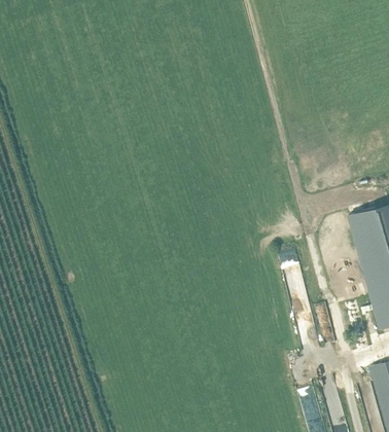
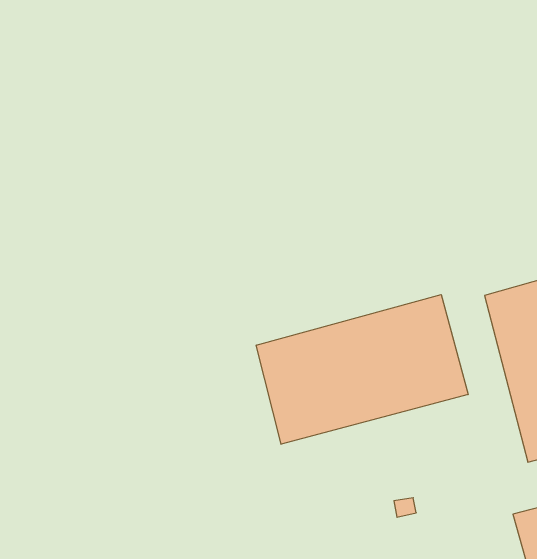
building: none -> [256,295,468,444]

